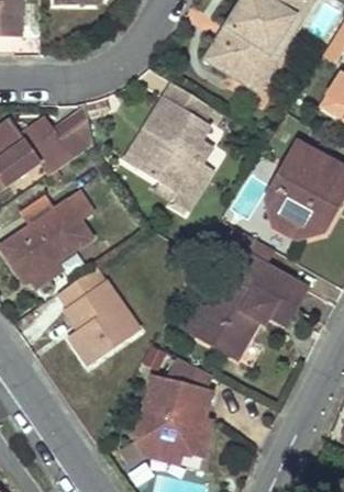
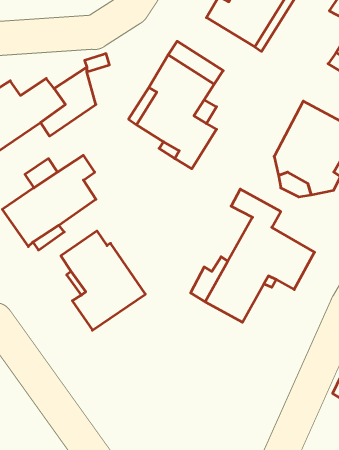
building: [130,356,212,462] -> none

